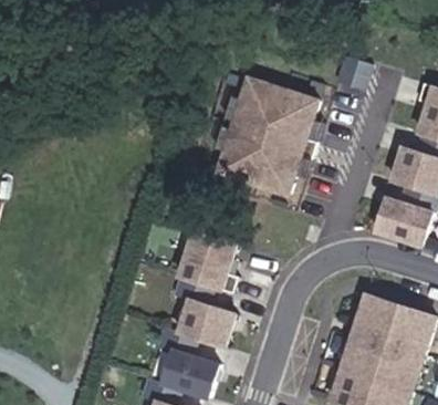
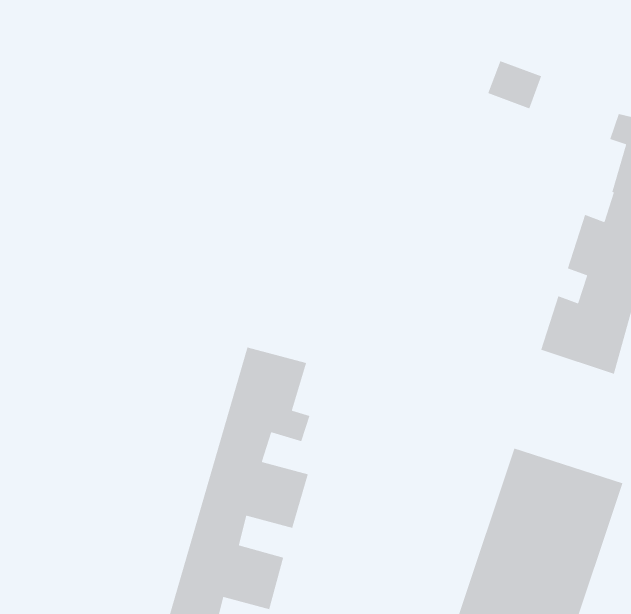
building: [225,73,323,188] -> none

